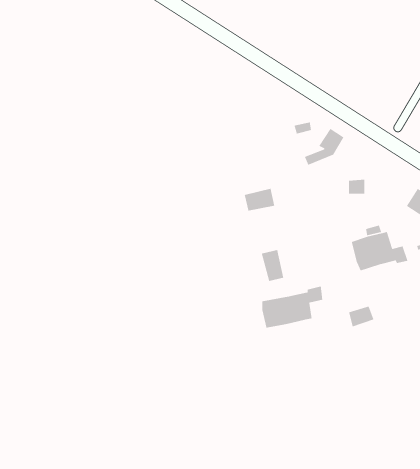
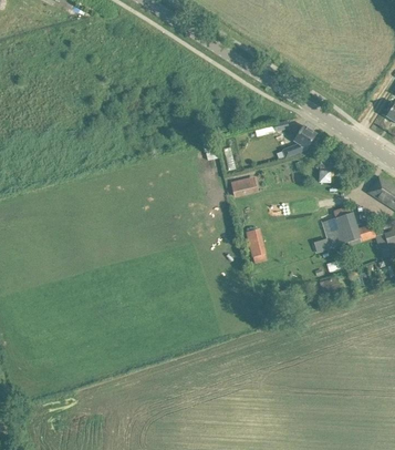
building: [261,286,323,328] -> none

